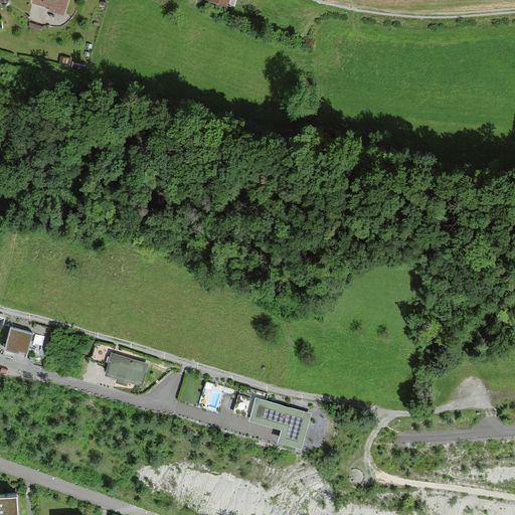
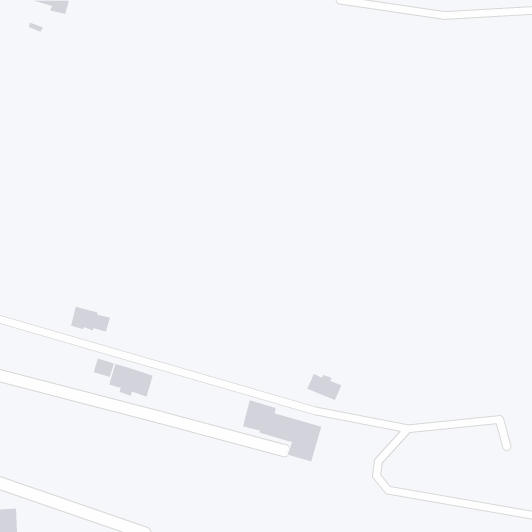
building: [5,328,44,353] -> [70,306,111,332]
building: none -> [306,373,342,401]

